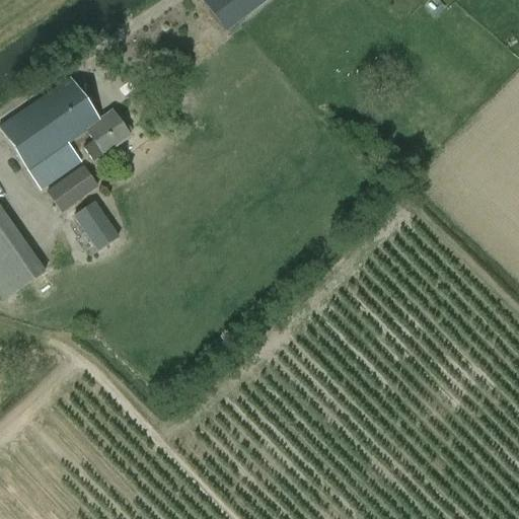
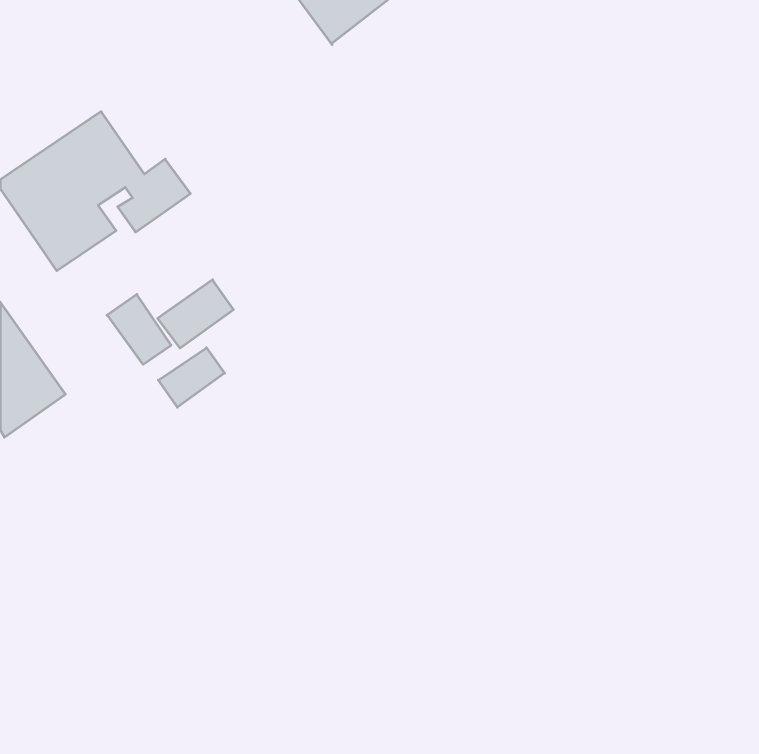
building: [46,163,97,210] -> [158,280,233,348]
building: none -> [158,348,225,407]

